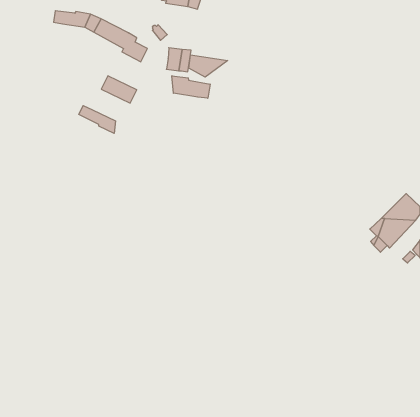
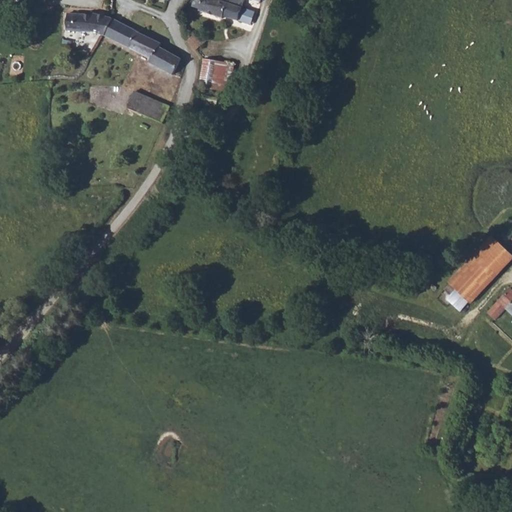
building: [189,55,228,77] -> none
building: [172,76,210,98] -> none
building: [79,106,115,133] -> none

